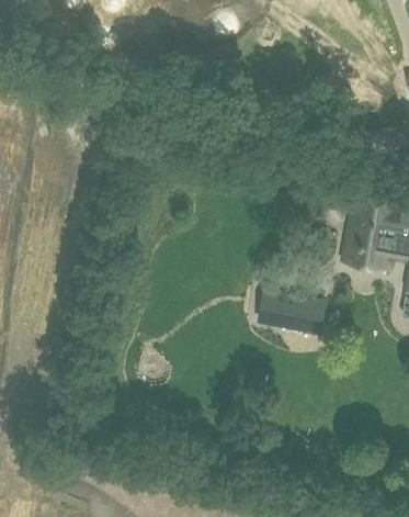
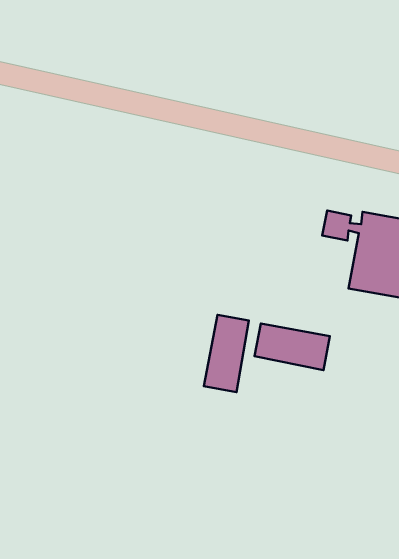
building: none -> [204,315,249,392]

